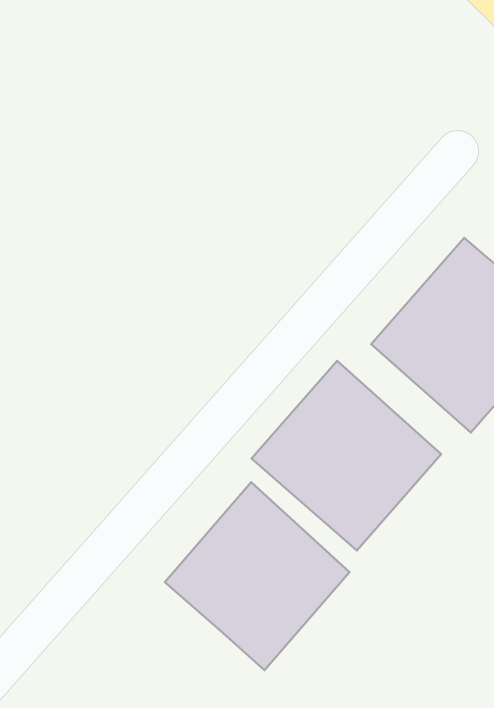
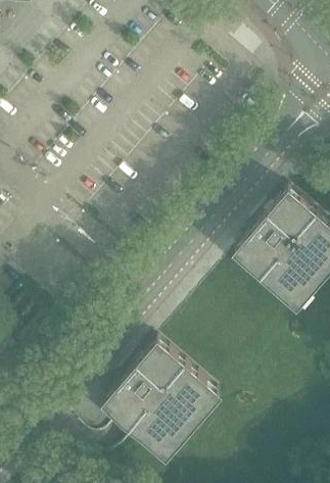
building: [251,361,441,550] -> none

